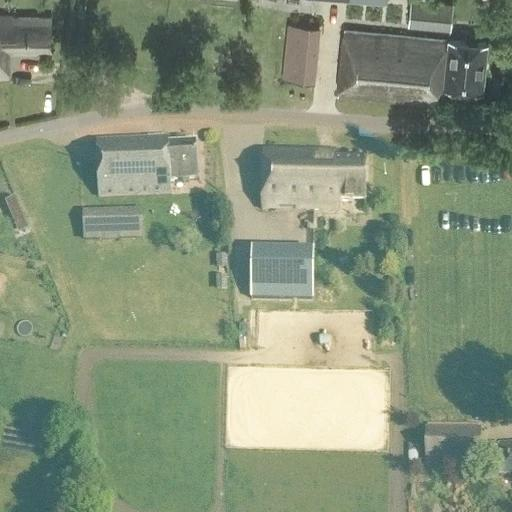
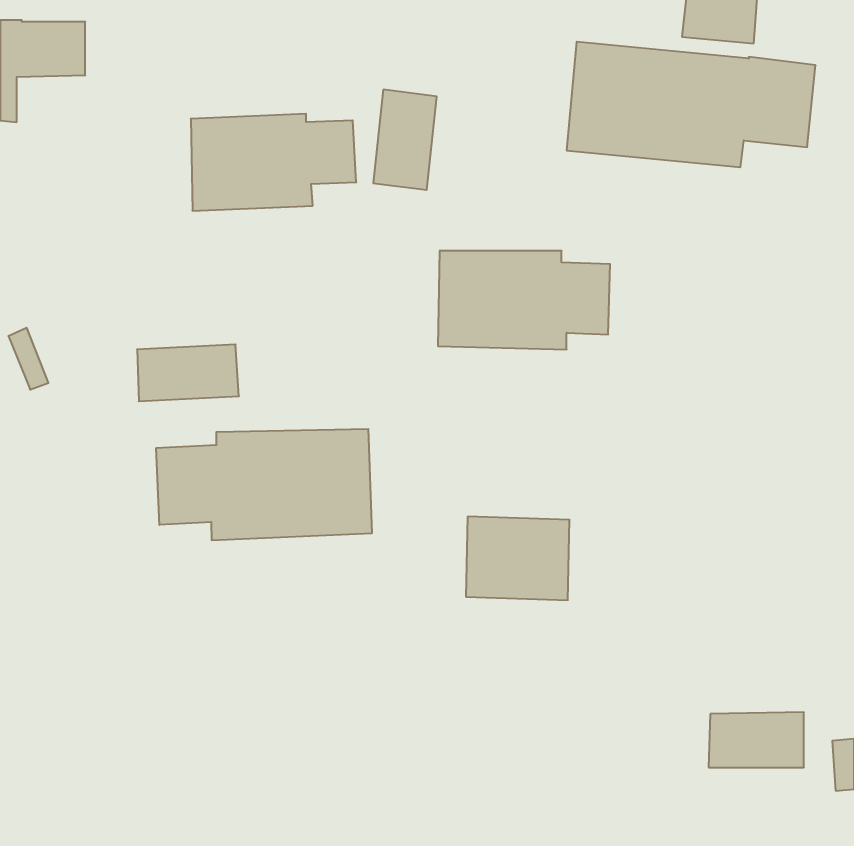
building: [283,18,321,78] -> [373,90,437,190]
building: [99,136,198,194] -> [191,114,356,211]
building: [251,248,313,298] -> [466,517,570,600]
building: none -> [156,429,372,540]

